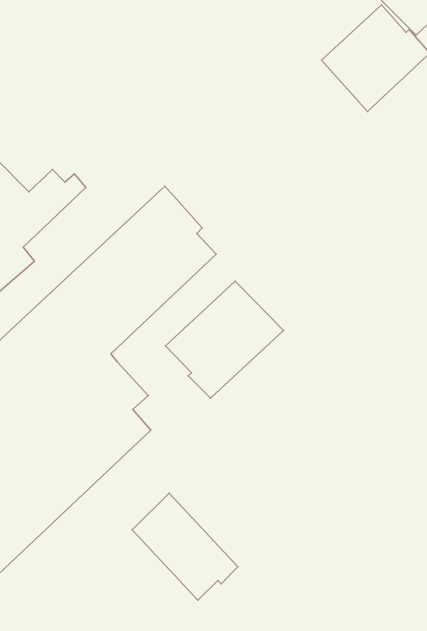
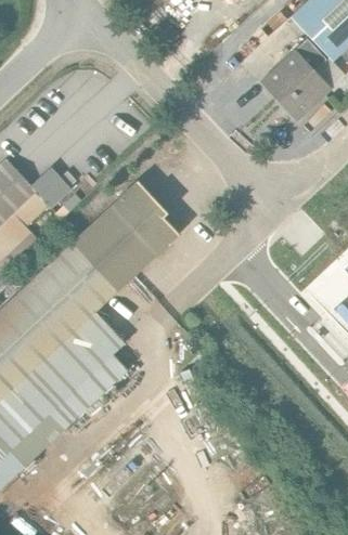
building: [166,281,284,398] -> none
building: [132,493,238,600] -> none

